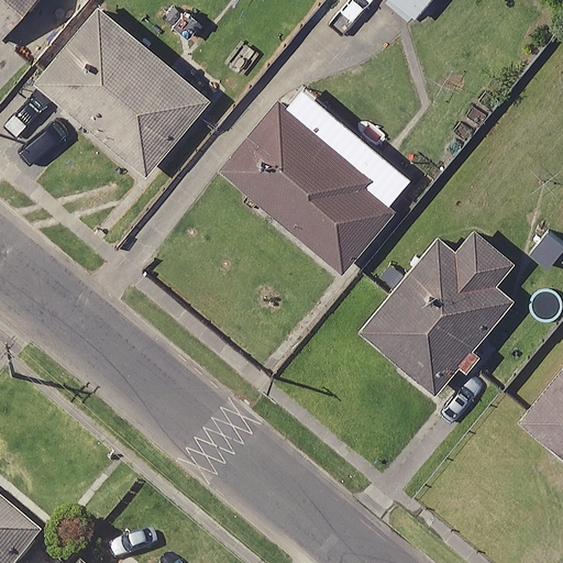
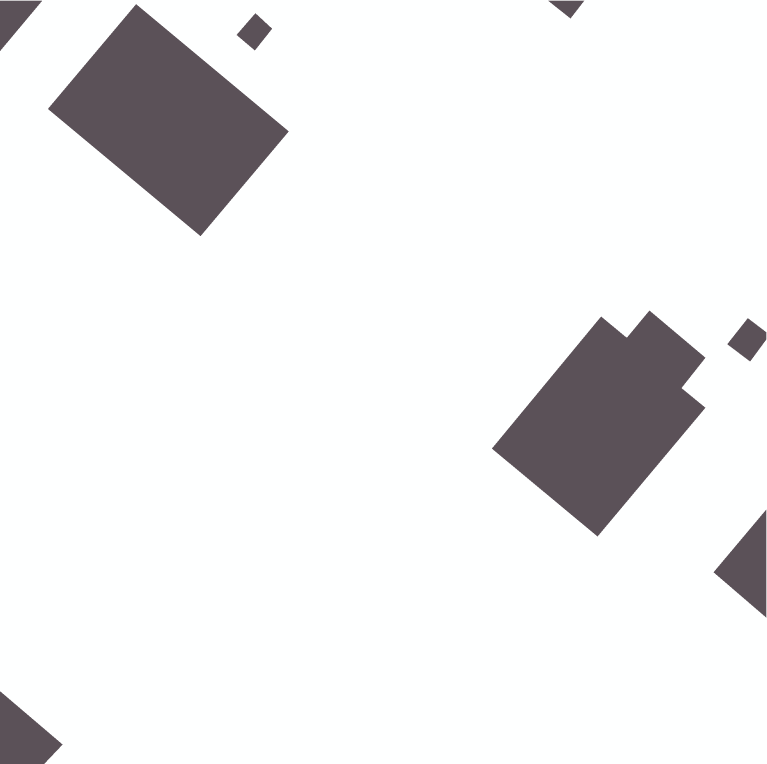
building: [219,100,394,273] -> none

